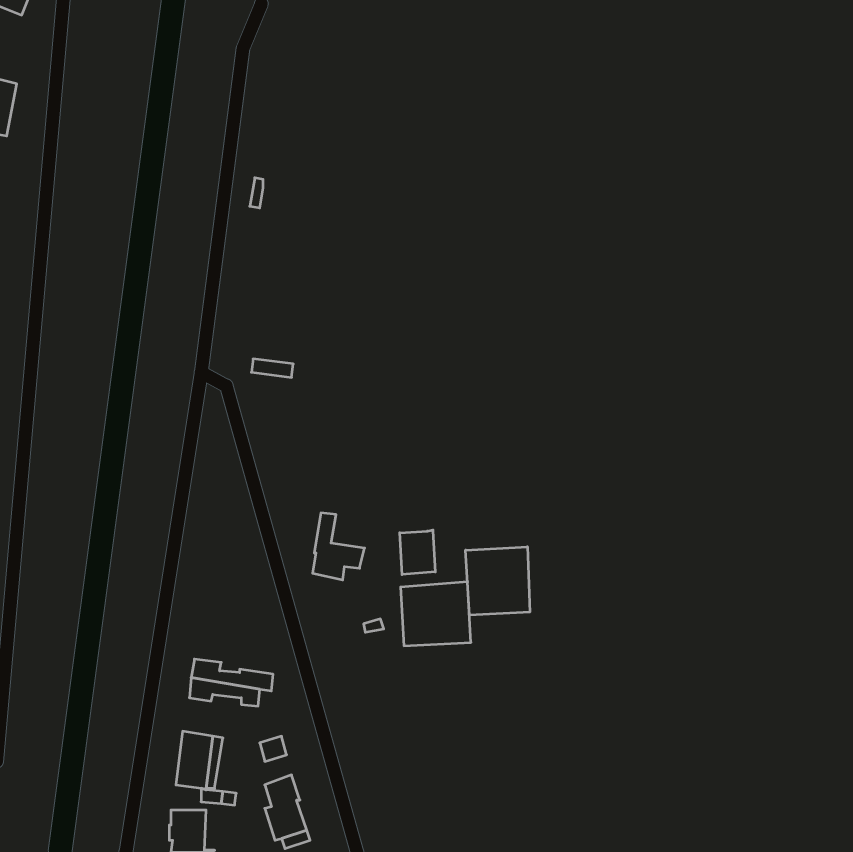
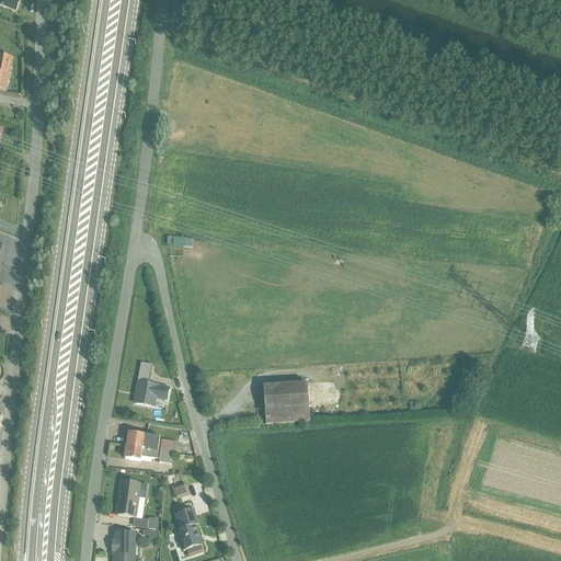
building: [313,513,365,580] -> [134,362,168,405]
building: [400,530,435,575] -> none
building: [466,547,530,615] -> none

